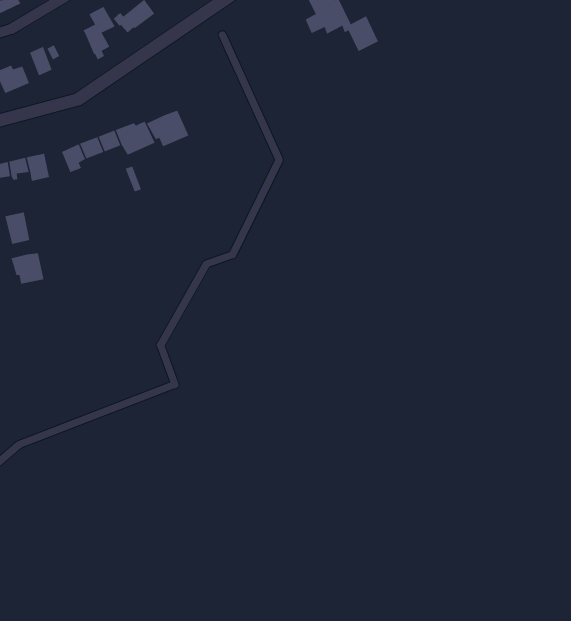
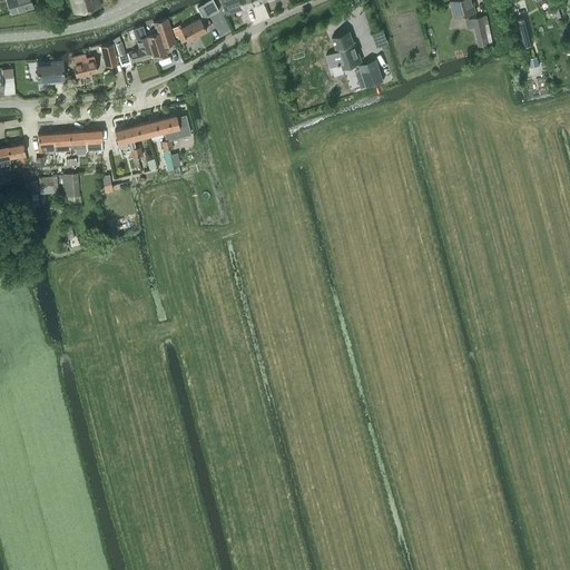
building: none -> [129,27,153,62]
building: [146,110,189,147] -> none
building: [11,252,44,285] -> none

